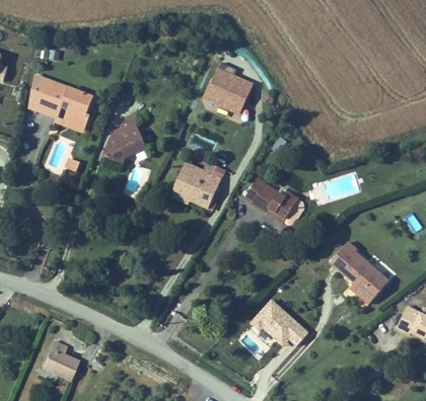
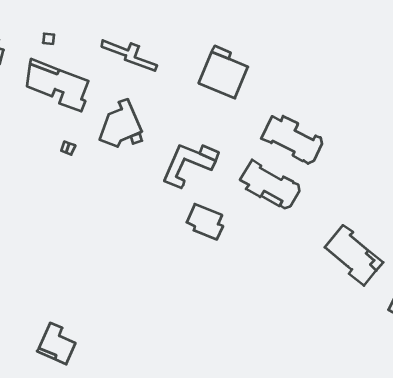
building: [29,101,85,132] -> [102,40,157,71]
building: none -> [261,116,322,164]
building: [181,174,217,210] -> [187,204,223,239]
building: [248,298,308,351] -> none

